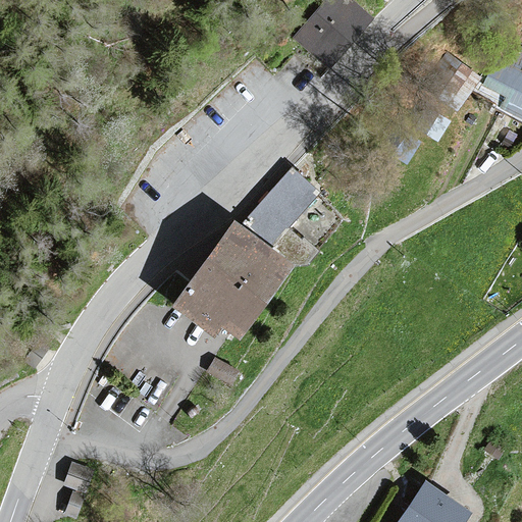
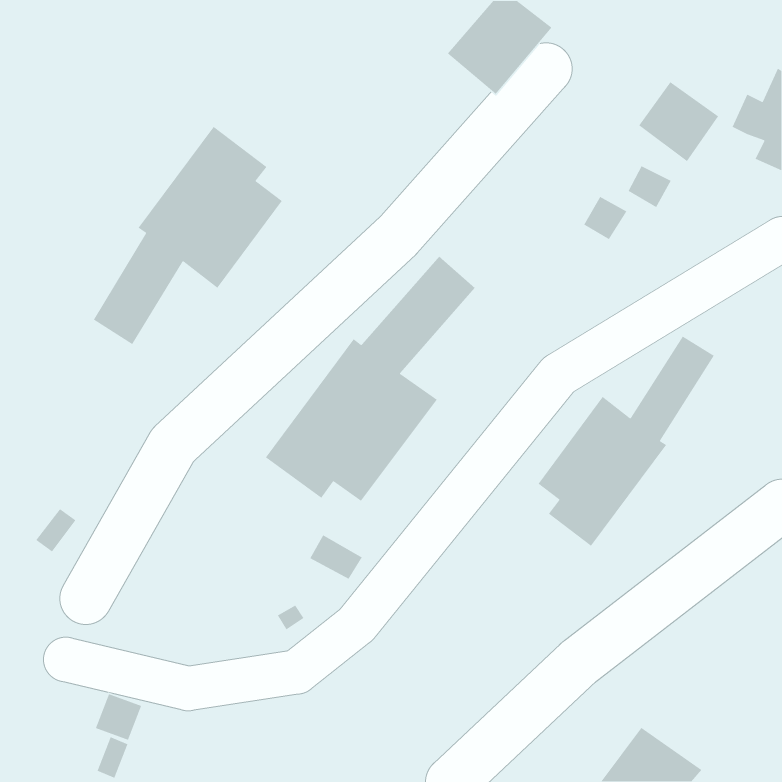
building: none -> [93,126,283,345]
building: none -> [537,335,715,547]

